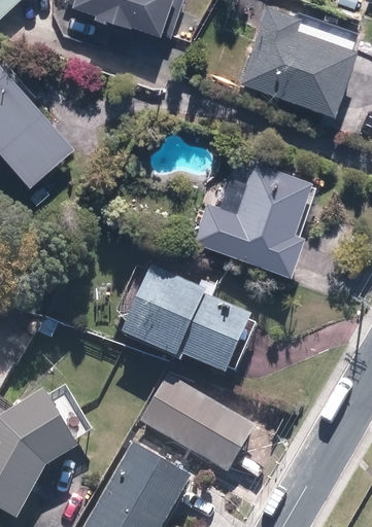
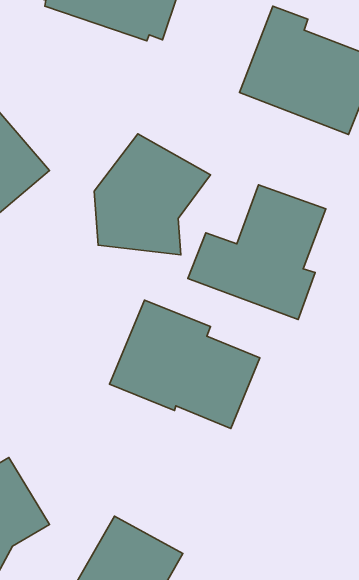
building: none -> [94,134,210,255]
building: [145,377,263,471] -> none

